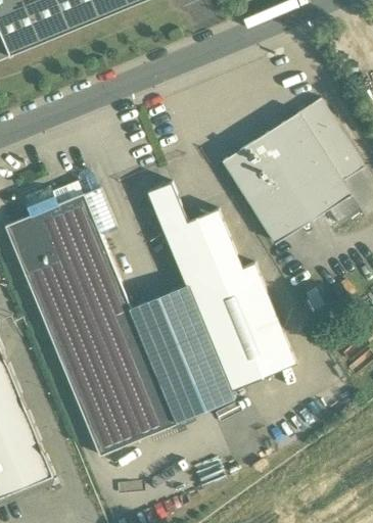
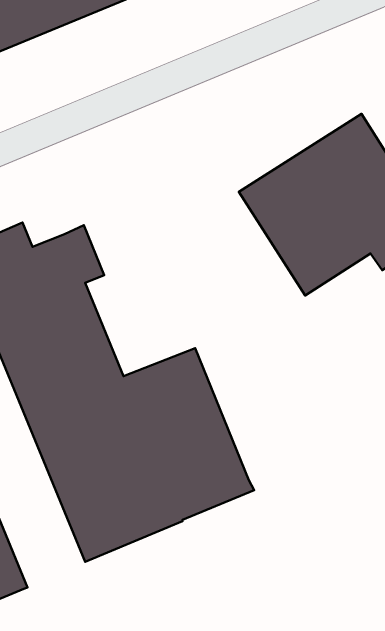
building: [147,180,294,389] -> none

